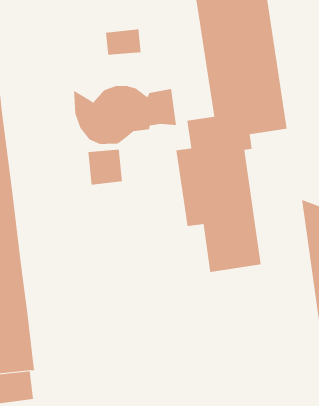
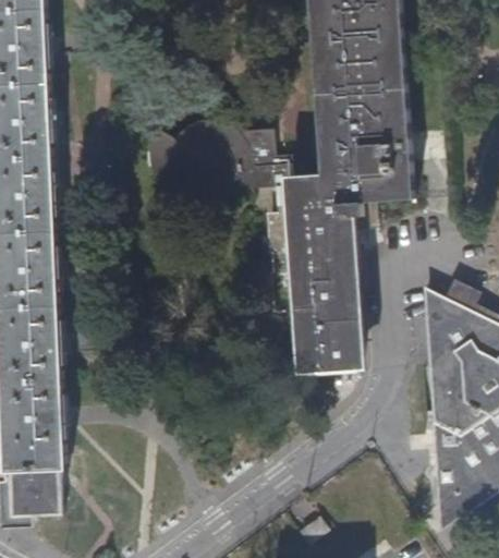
building: [105,28,141,56] -> none
building: [88,149,123,185] -> none

